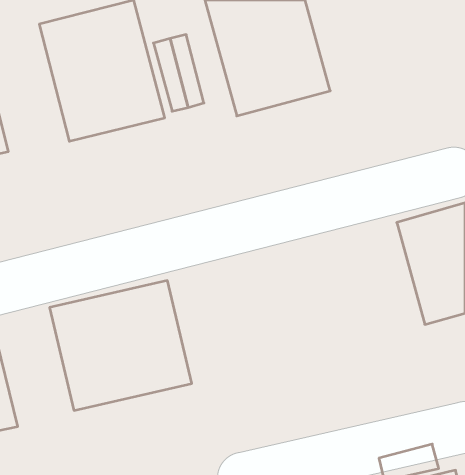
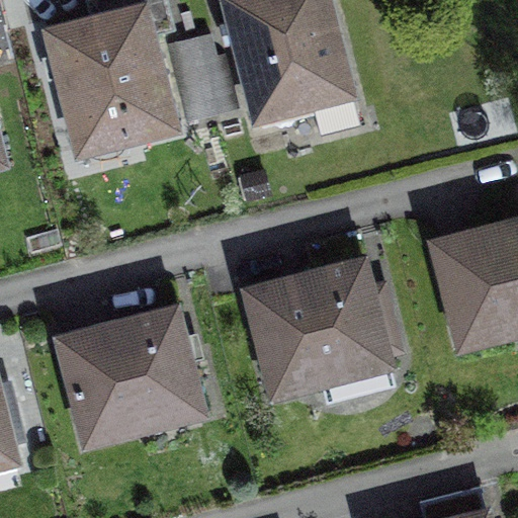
building: none -> [242,259,400,403]

